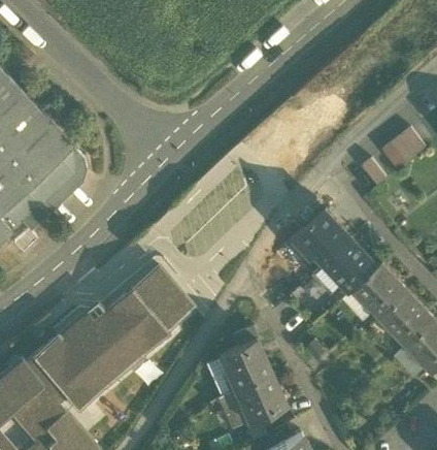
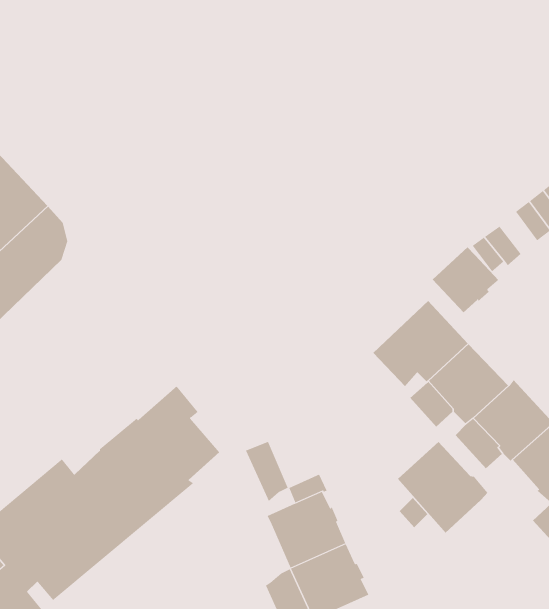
building: none -> [432,246,499,313]
building: none -> [397,441,488,534]
building: [204,355,233,395] -> [245,441,289,502]

